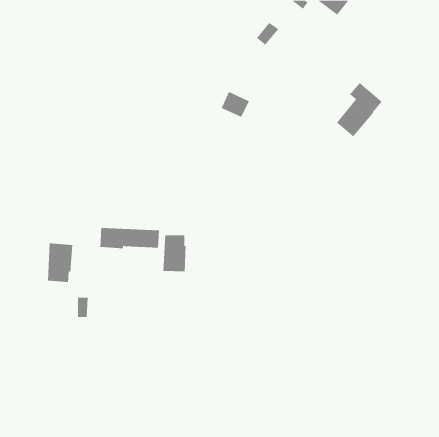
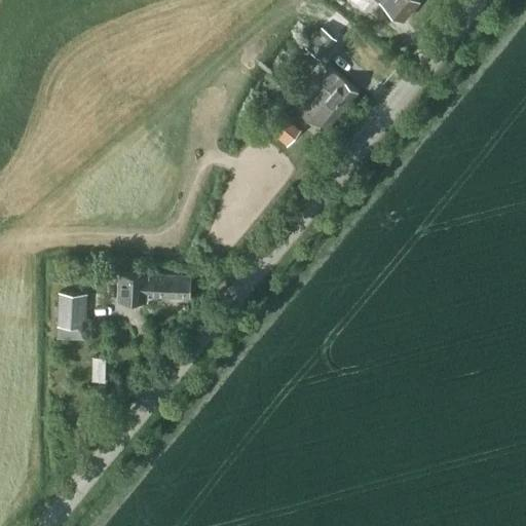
building: [336,82,383,137] -> [303,69,359,135]
building: [163,234,186,272] -> none

